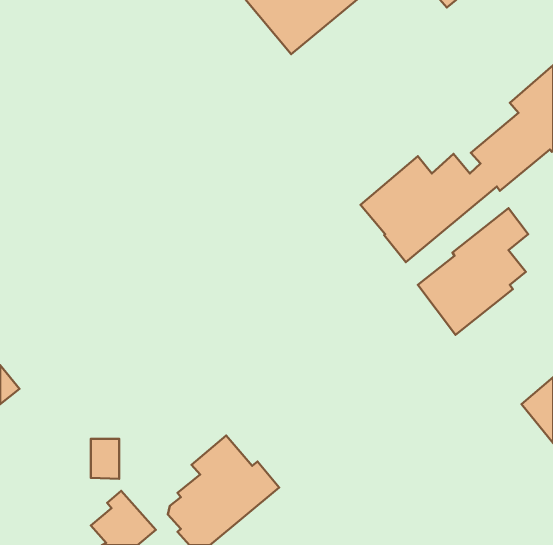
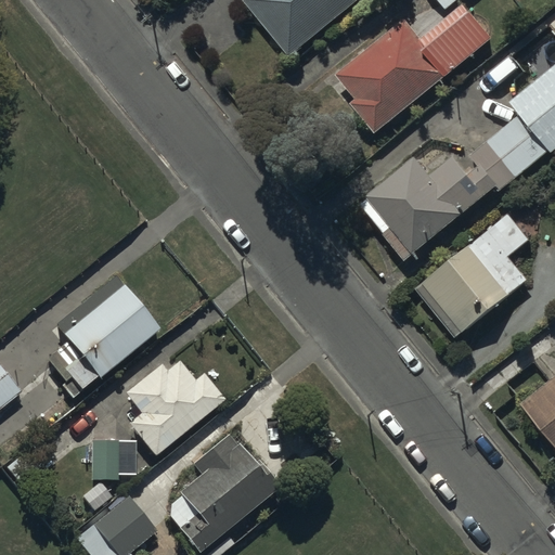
building: none -> [337,4,493,133]
building: none -> [46,272,159,390]
building: none -> [125,361,223,457]

